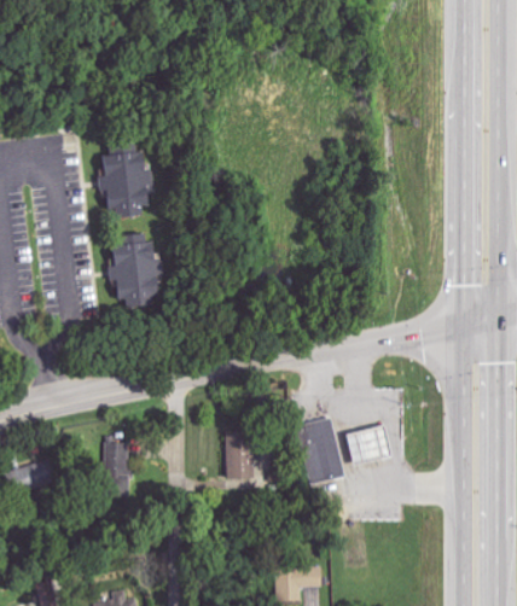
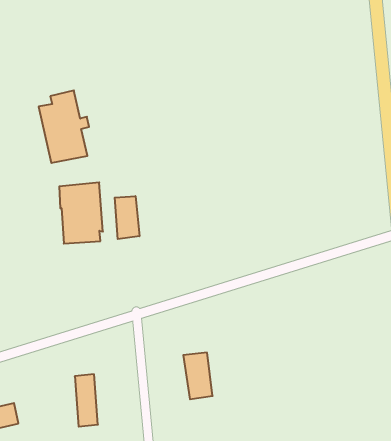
building: none -> [115,196,139,239]
building: [295,414,344,482] -> none
building: [345,421,391,464] -> none

